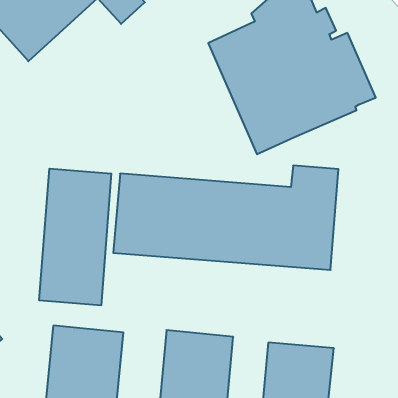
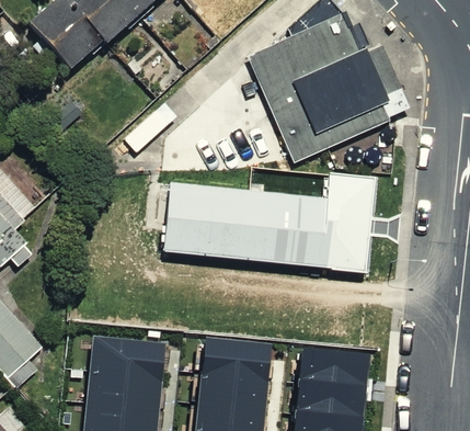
building: [39,169,111,305] -> none

